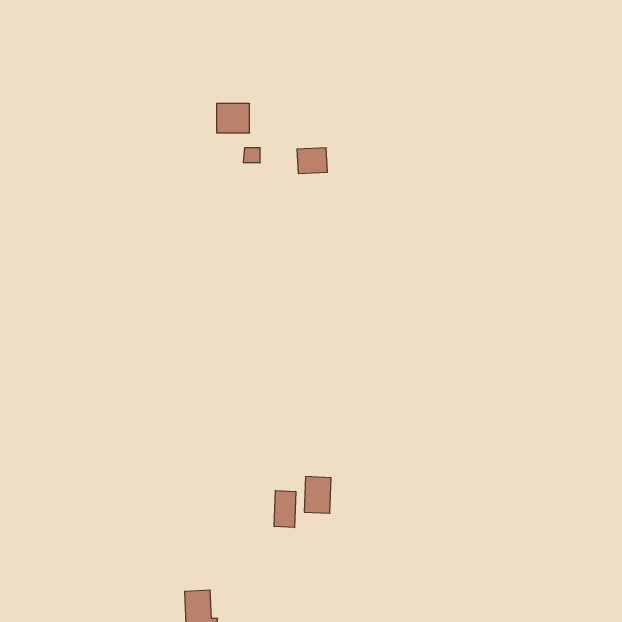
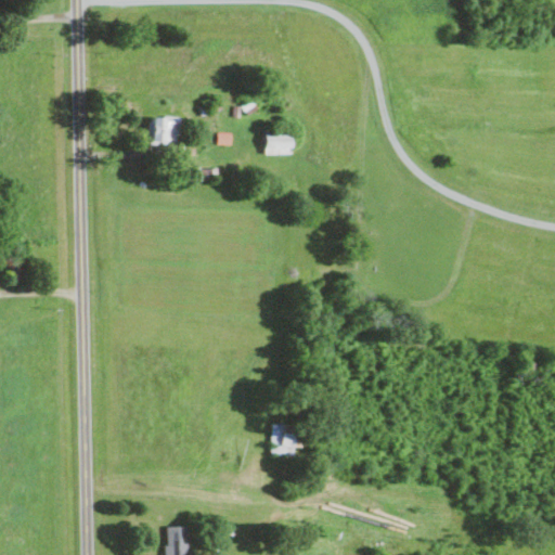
building: [217,104,250,133] -> [151,118,180,144]
building: [274,490,296,528] -> none

